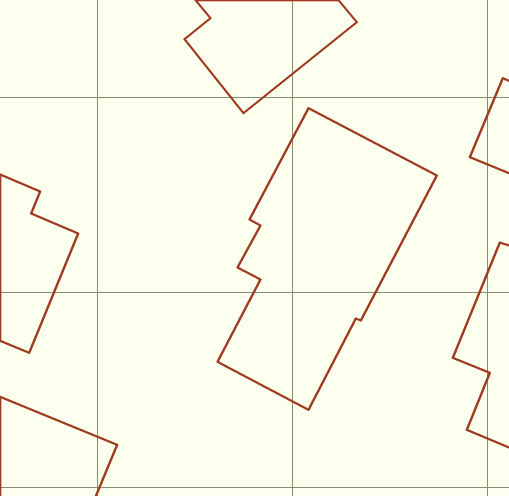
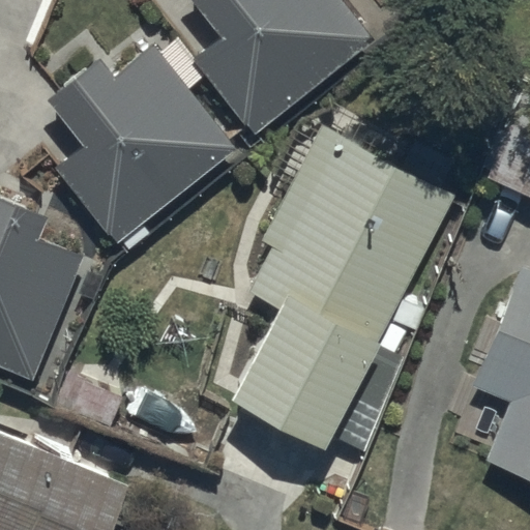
building: none -> [47,45,235,244]

